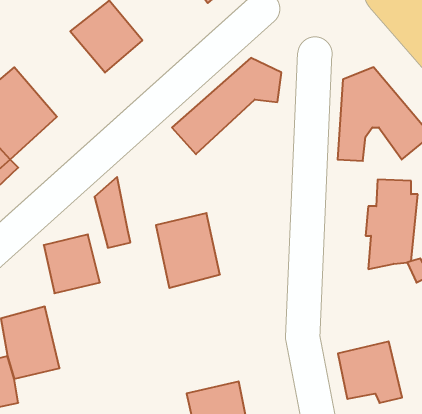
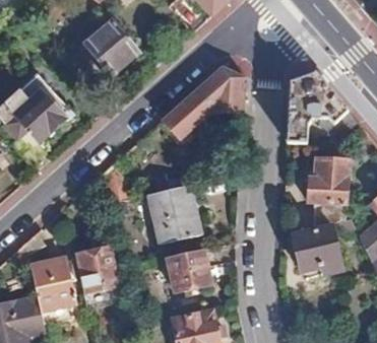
building: [44,234,100,293] -> [78,246,121,290]
building: none -> [165,248,209,291]
building: [338,341,402,403] -> [293,225,341,272]

